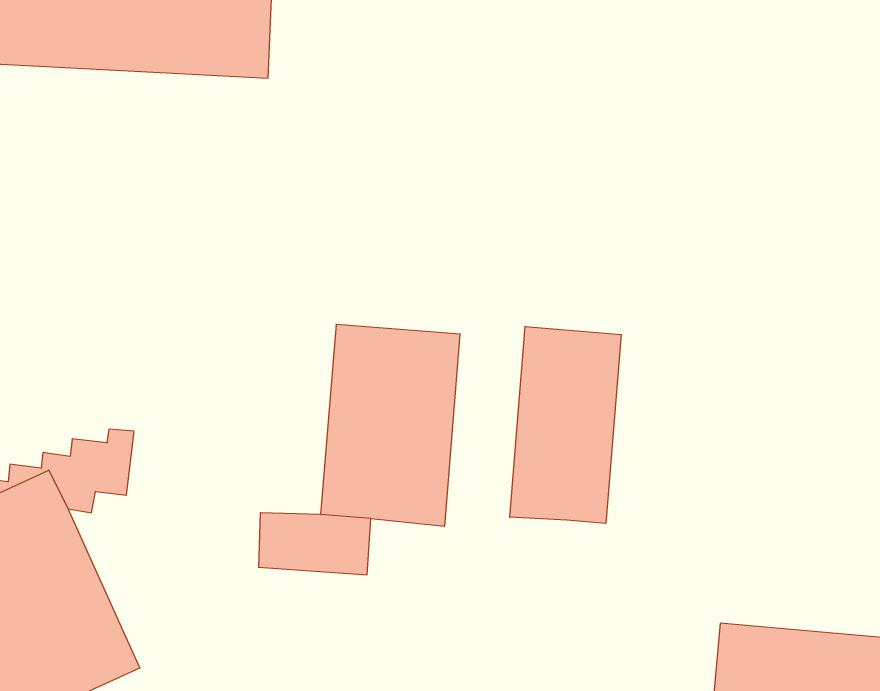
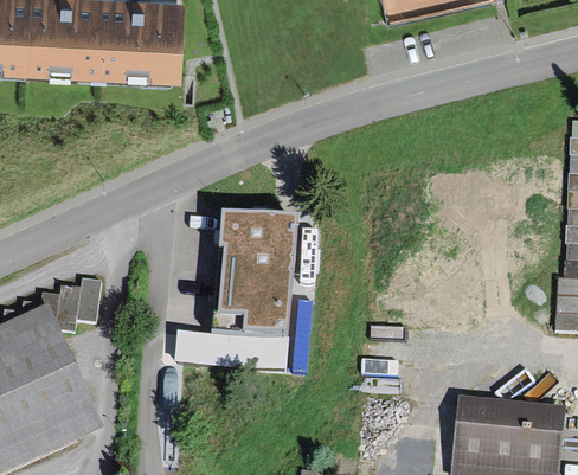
building: [510,326,621,523] -> none

